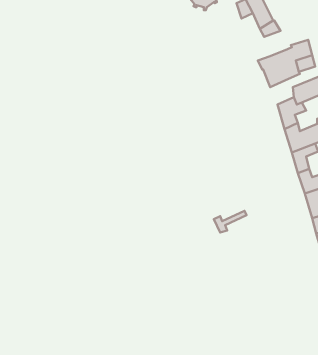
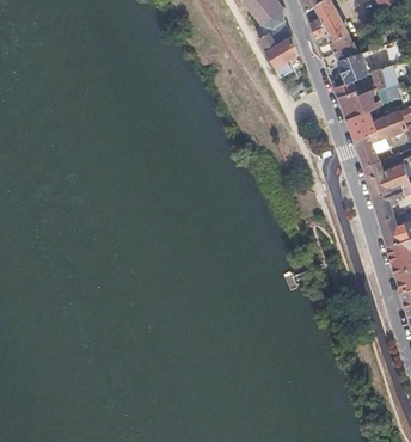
building: none -> [256,33,297,78]
building: none -> [338,55,368,85]
building: none -> [346,111,375,141]

